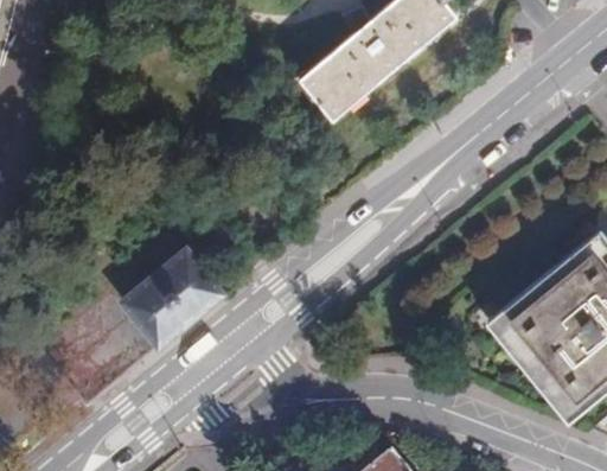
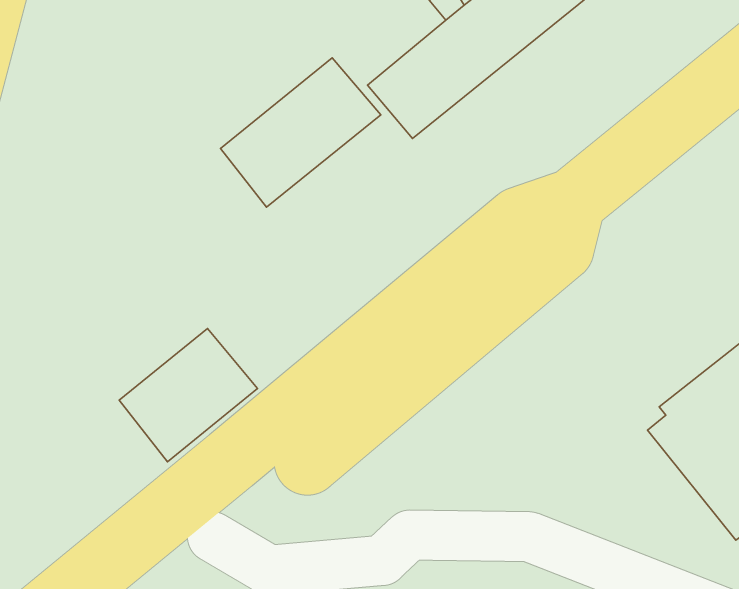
building: none -> [221,58,381,207]

